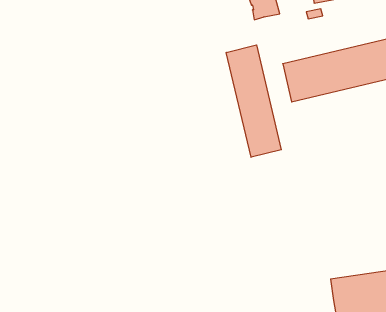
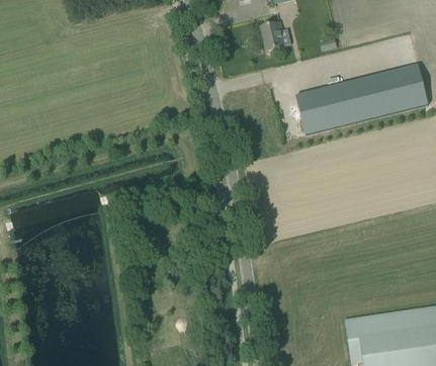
building: [226,45,281,157] -> none

